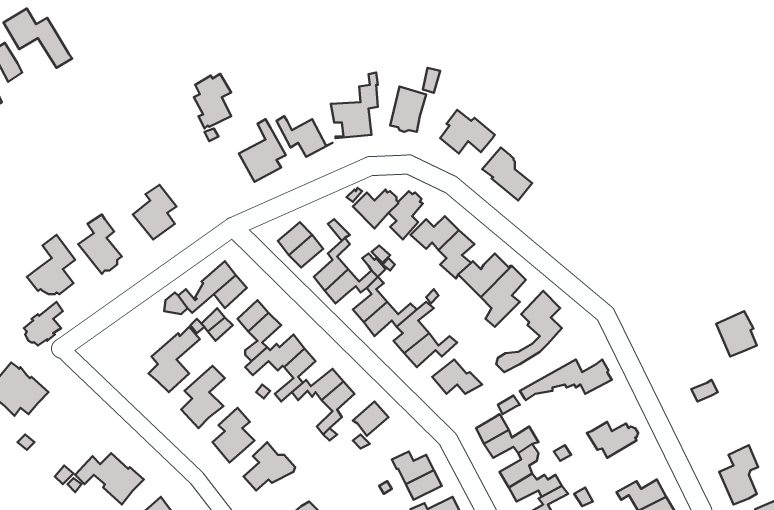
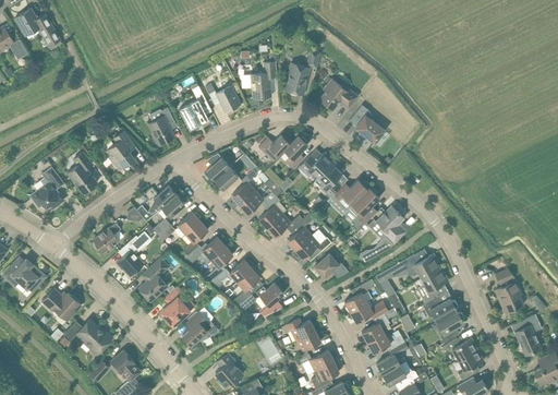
building: [194,74,231,128] -> [148,107,174,145]
building: [24,302,63,345] -> [93,222,120,252]
building: [716,311,757,357] -> [495,280,523,312]
building: none -> [416,267,448,303]
building: none -> [41,288,82,321]
building: none -> [436,310,464,342]

